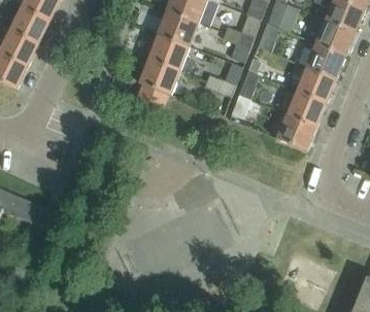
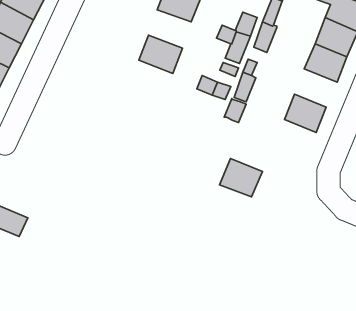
building: [159,10,199,46] -> none
building: [137,58,181,107] -> none
building: [296,66,336,102] -> none
building: [276,113,316,149] -> [220,158,262,197]

